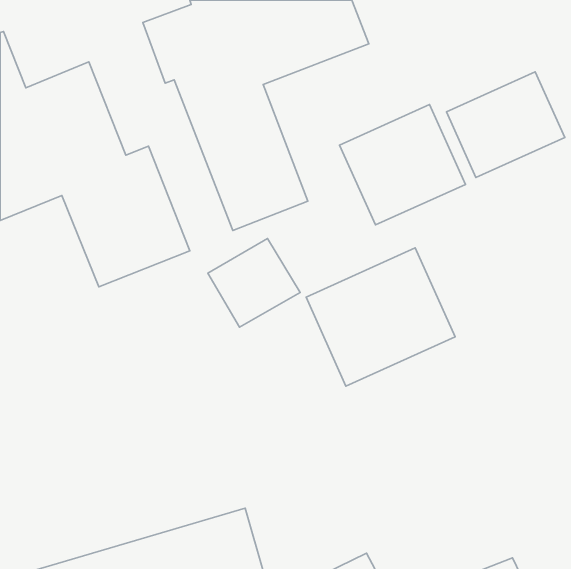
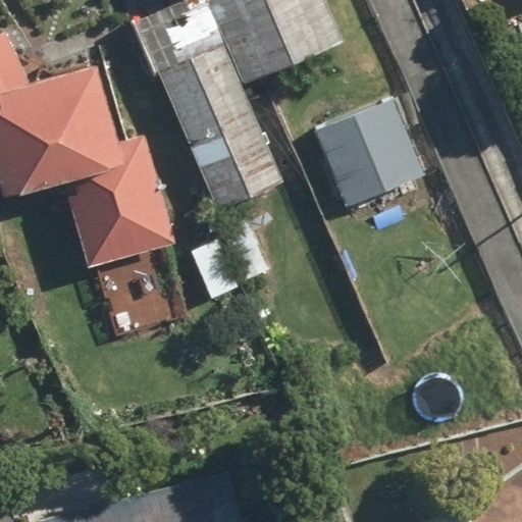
building: [446,72,565,178] -> none
building: [306,248,455,386] -> none

